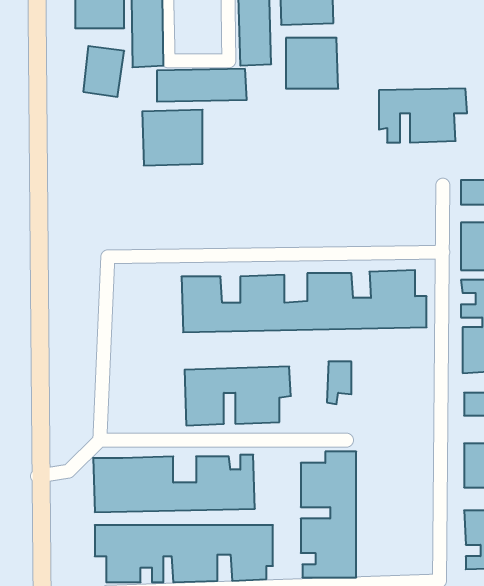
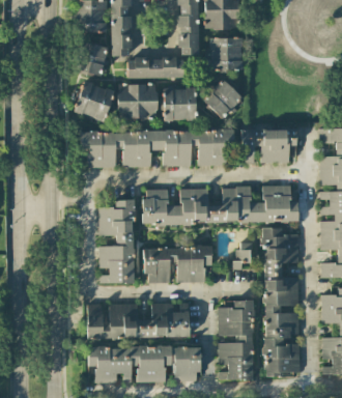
building: [379,89,467,143] -> [240,130,296,164]
building: none -> [201,80,241,118]
building: none -> [74,82,113,122]
building: none -> [162,88,195,121]
building: none -> [78,132,233,168]
building: none -> [98,200,134,284]
building: none -> [260,228,300,377]

